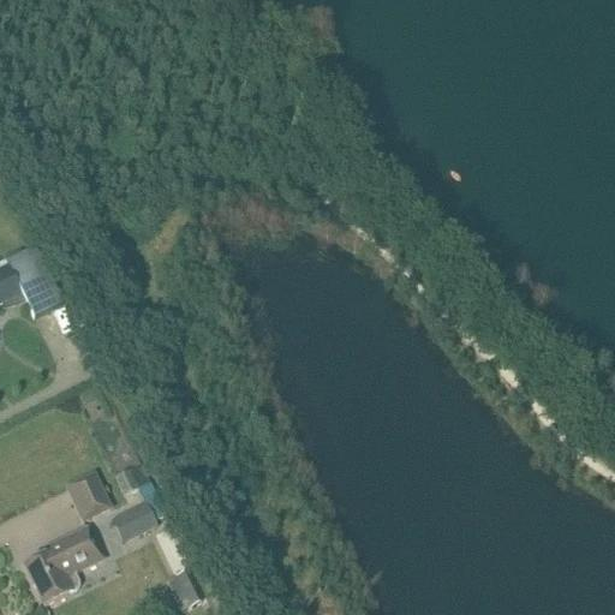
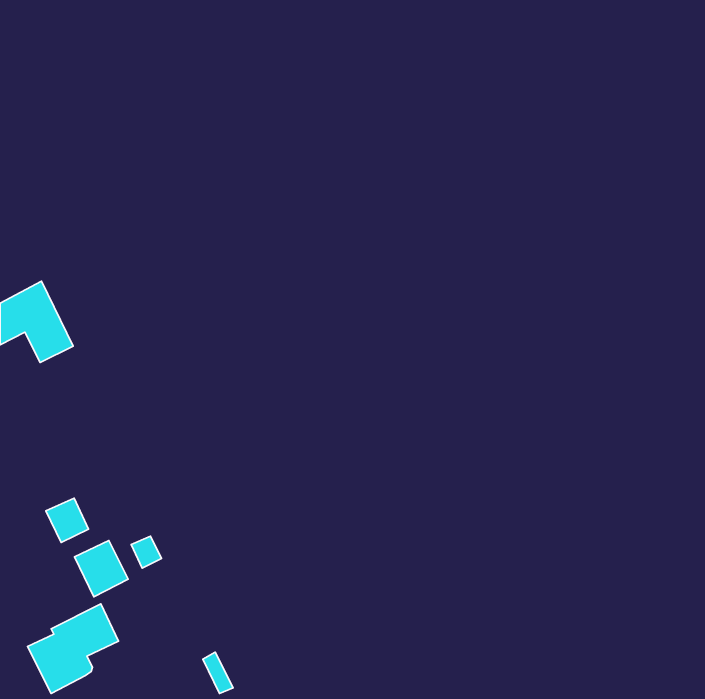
building: none -> [46,498,89,542]
building: [111,500,156,541] -> none

